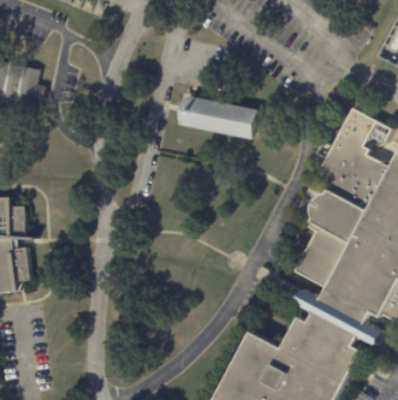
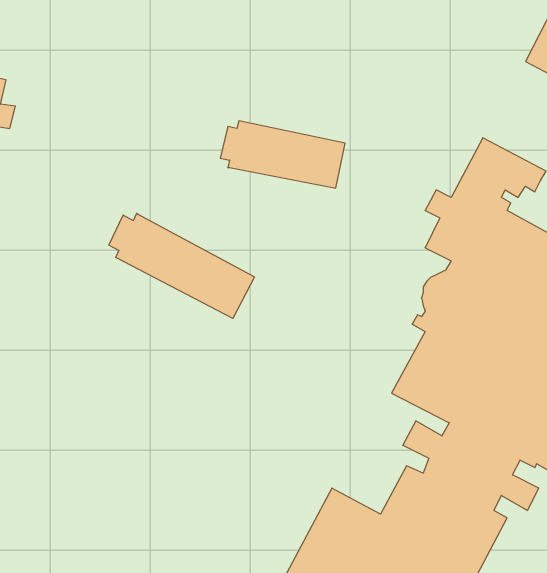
building: none -> [109,213,255,318]

